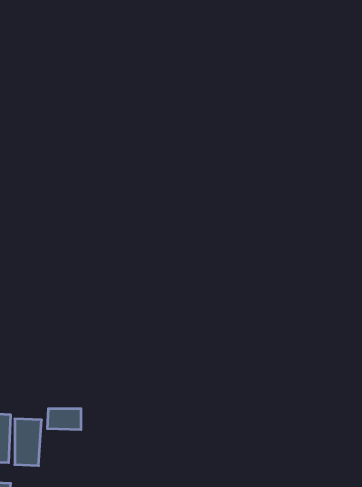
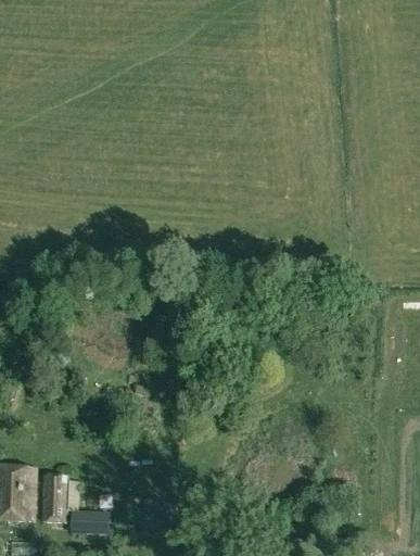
building: [47,409,81,430] -> [69,511,106,534]

